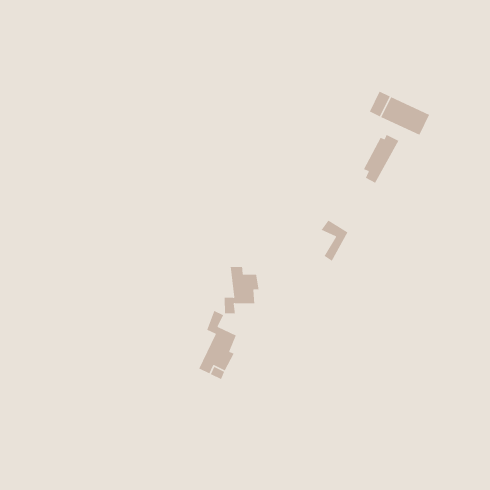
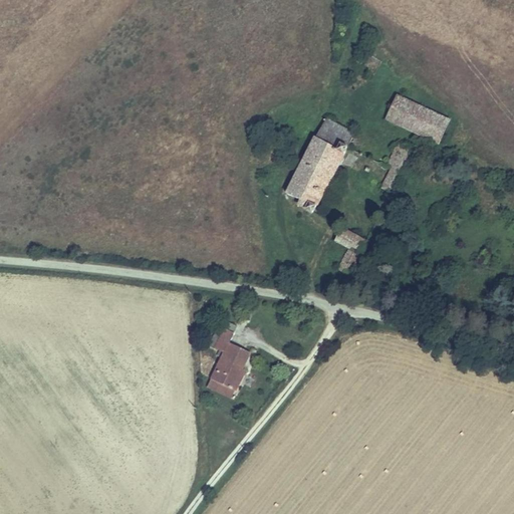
building: none -> [284,122,350,211]
building: [224,266,260,314] -> none

